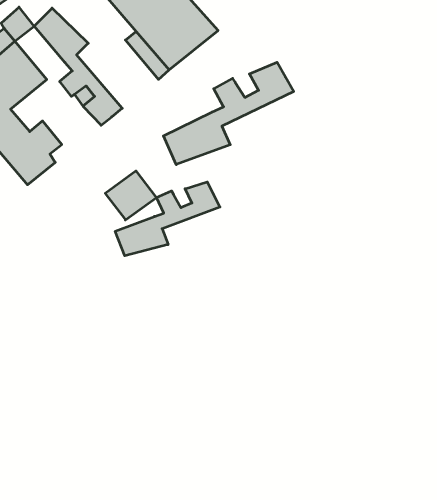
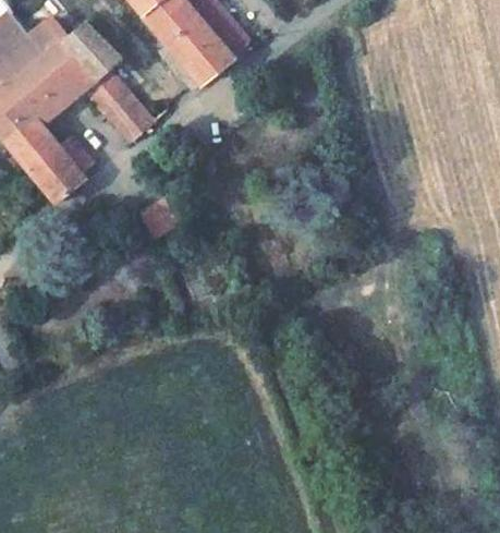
building: none -> [42,39,94,94]
building: [163,62,294,165] -> none
building: [115,182,220,256] -> none

